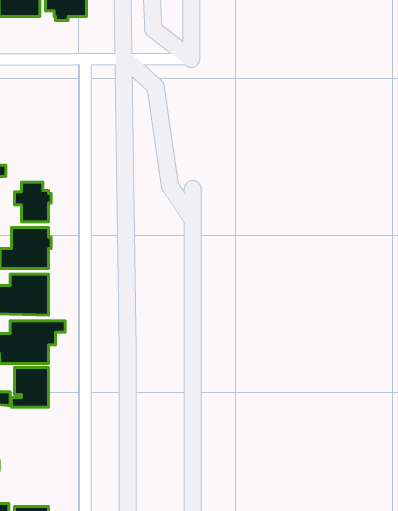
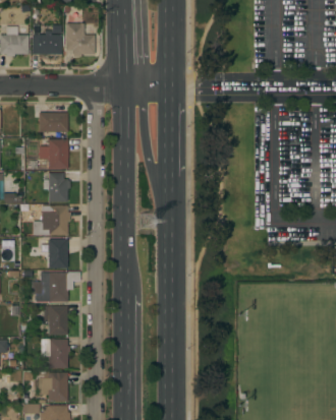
building: none -> [38,113,67,132]
building: none -> [39,139,67,169]
building: none -> [40,339,69,368]
building: none -> [39,372,67,402]

